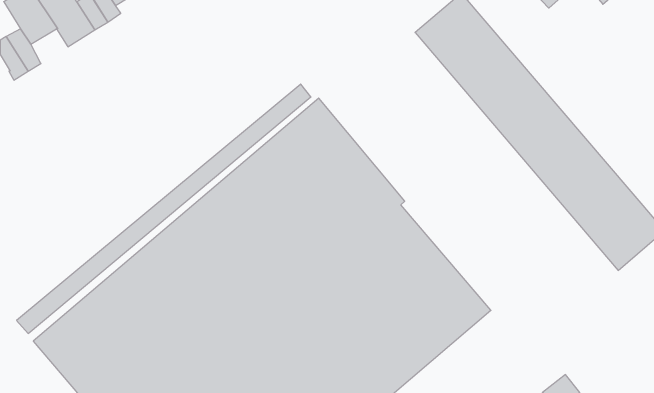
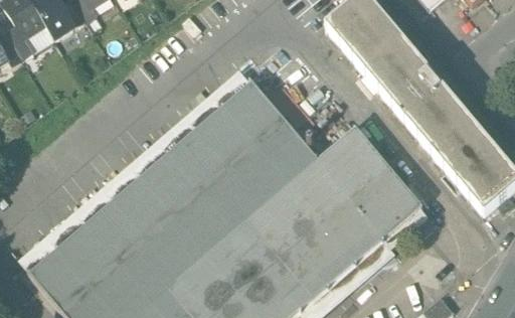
building: none -> [316,129,426,249]

